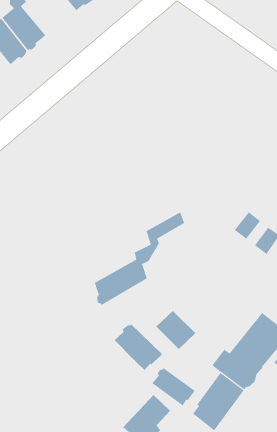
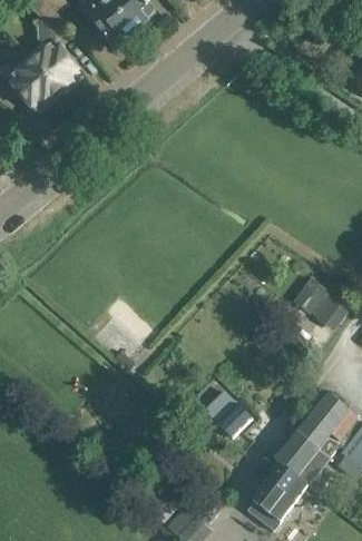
building: [94,212,185,306] -> none
building: [114,323,163,371] -> none
building: [152,368,196,406] -> none

